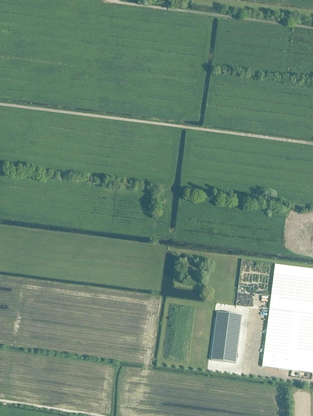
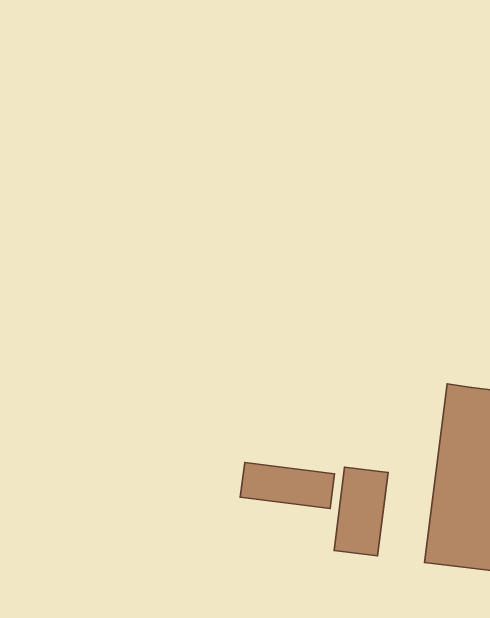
building: none -> [240,463,335,508]

